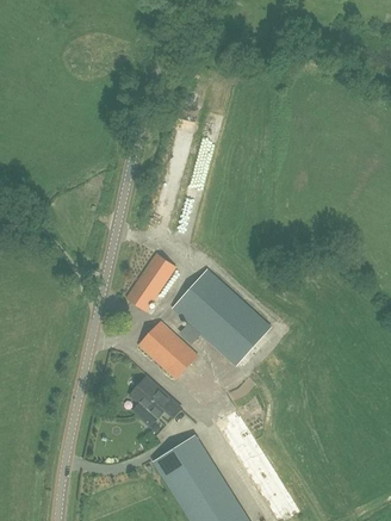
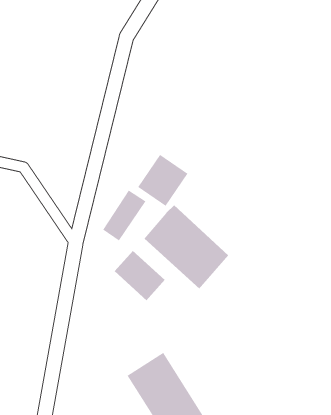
building: none -> [137,154,189,207]
building: [130,377,180,424] -> none

